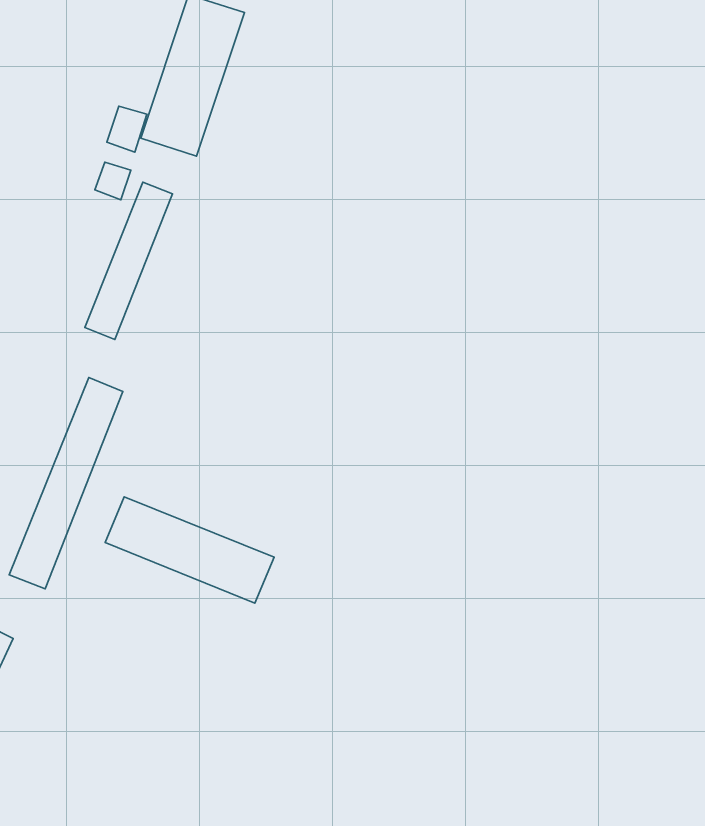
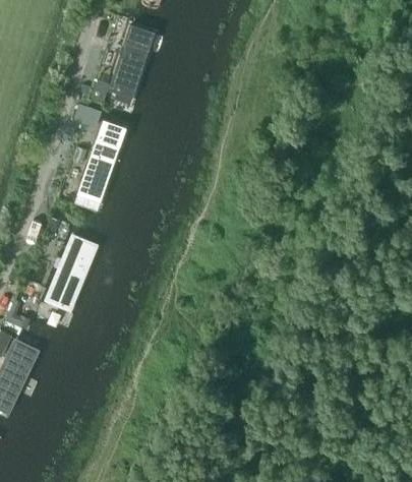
building: [105,497,274,603] -> none

